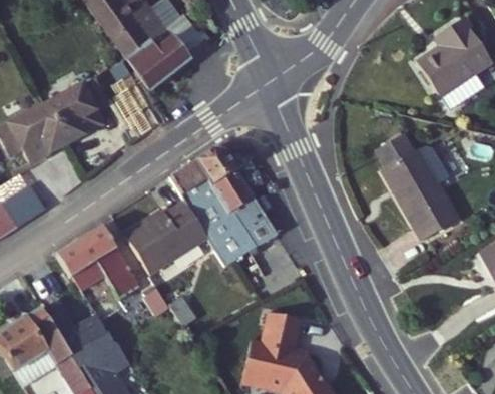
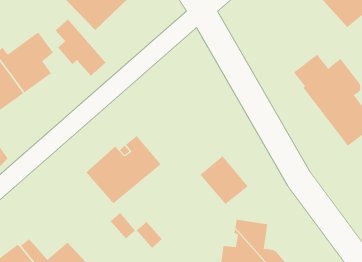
building: [167,149,281,266] -> none
building: [58,227,142,304] -> none

